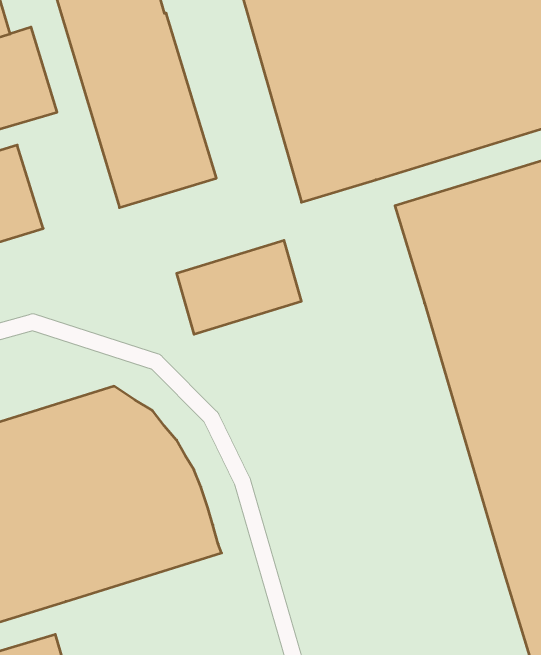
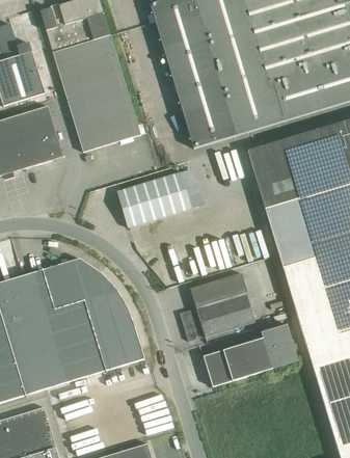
building: none -> [22,106,64,164]
building: none -> [180,273,255,341]
building: none -> [204,324,298,386]

